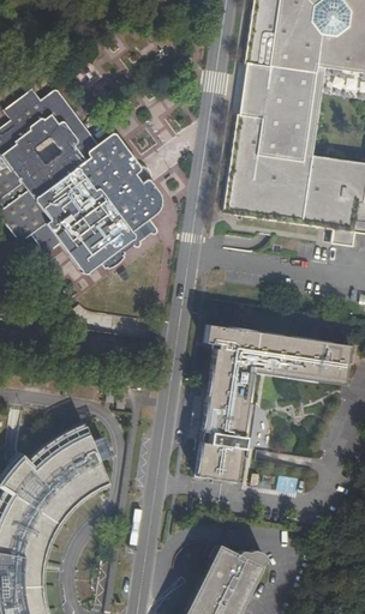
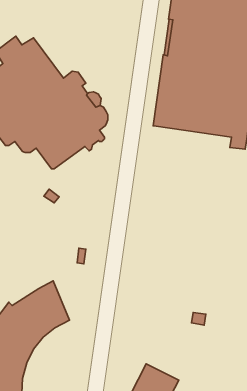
building: [192,320,352,486] -> none

